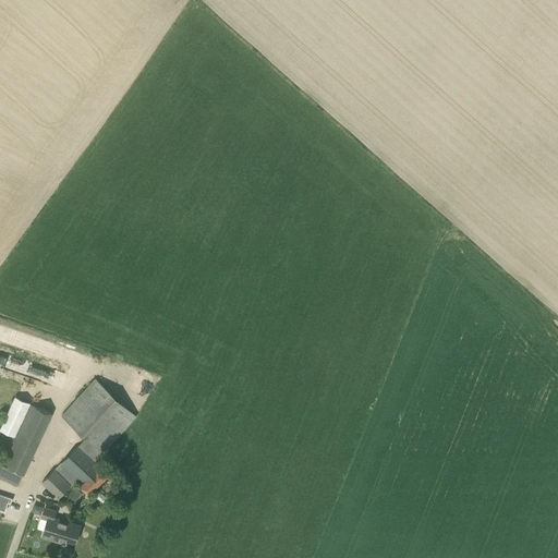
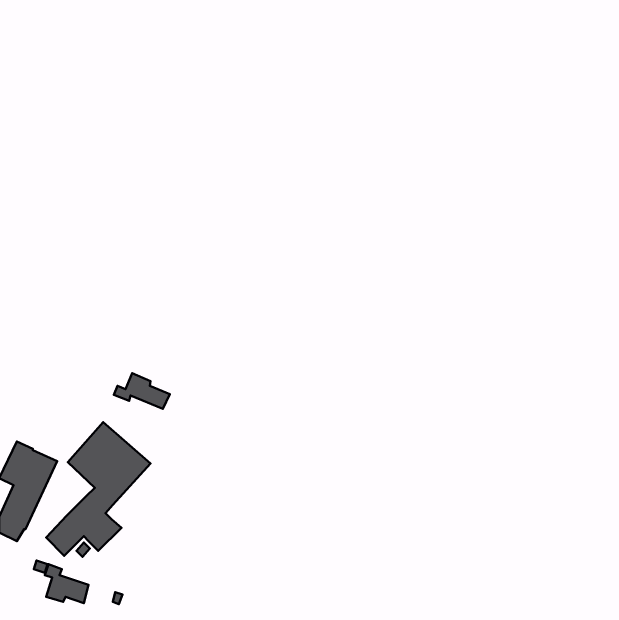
building: none -> [114,373,170,409]

